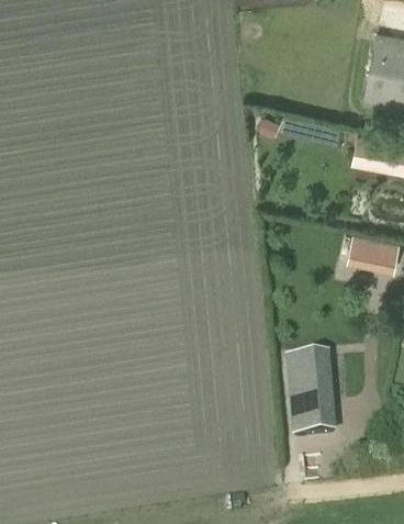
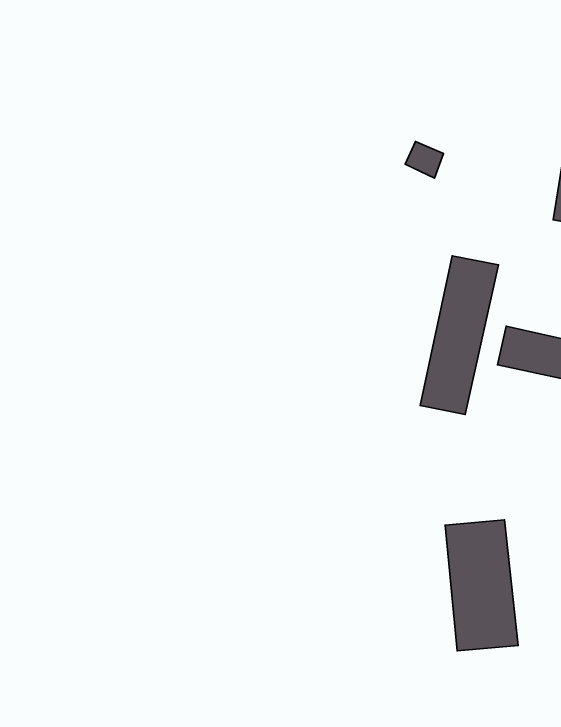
building: none -> [420,256,498,415]

